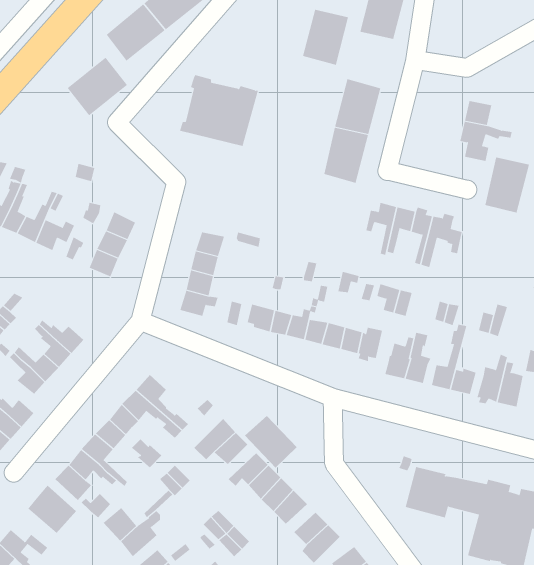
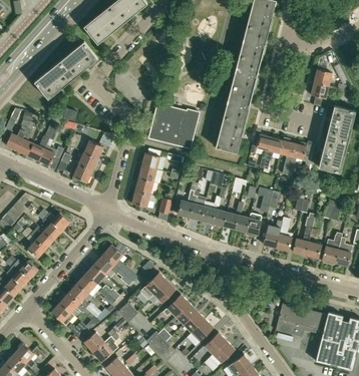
building: [302,9,349,66] -> [239,25,269,61]
building: [179,75,259,146] -> [148,102,200,148]
building: none -> [34,61,73,99]
building: none -> [216,116,245,152]
building: none -> [319,136,348,172]
building: [244,415,297,468] -> none
building: [27,485,77,534] -> none

